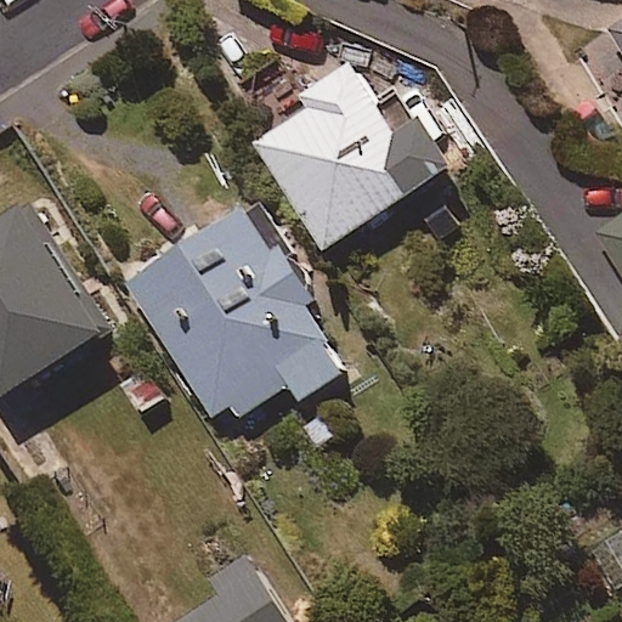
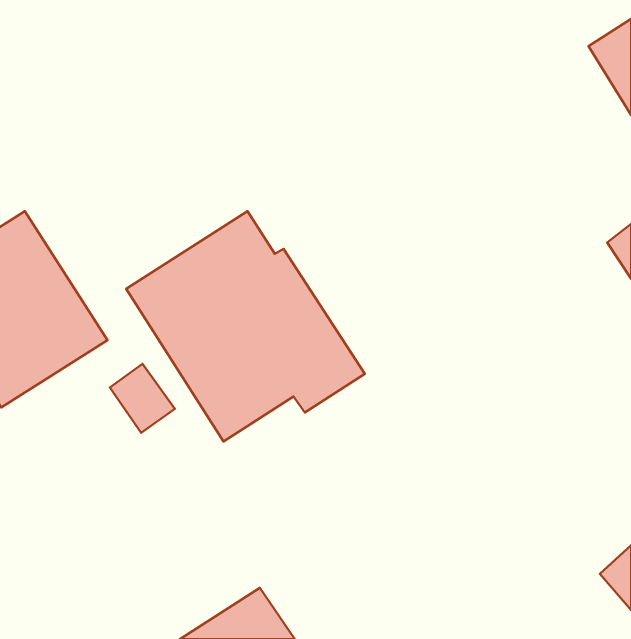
building: [253,62,454,249] -> none

